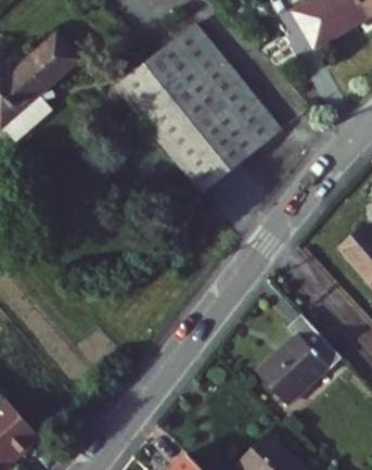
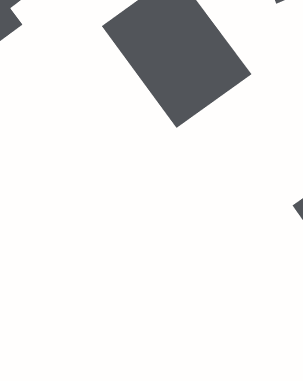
building: [256,317,336,408] -> none

